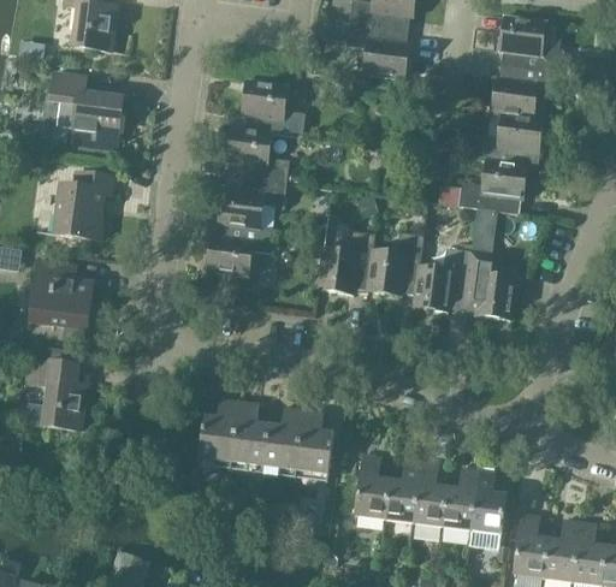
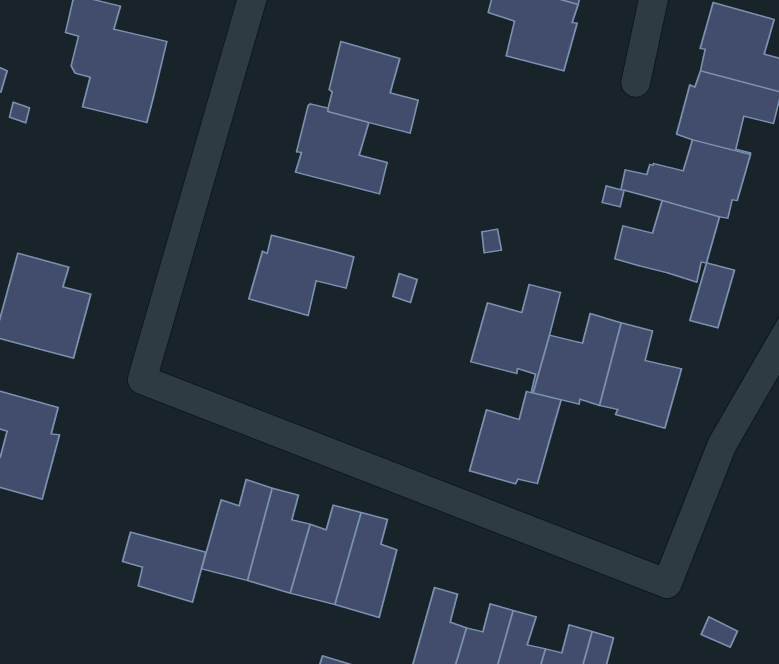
building: [54,168,112,238] -> none
building: [214,174,286,226] -> none
building: [470,207,497,251] -> [690,263,734,328]
building: [318,229,375,295] -> [469,392,561,484]
building: none -> [122,532,206,602]

